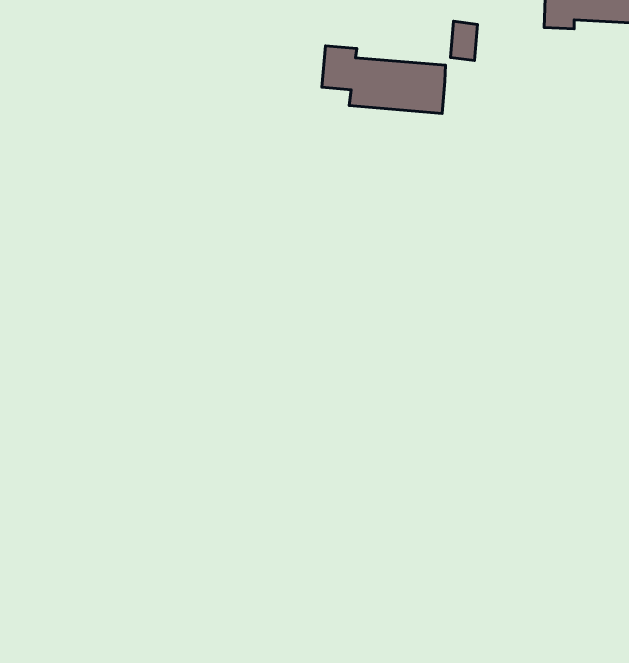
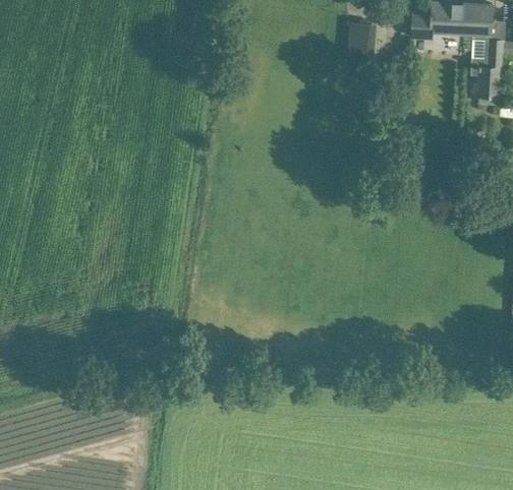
building: [322,46,445,113] -> none

